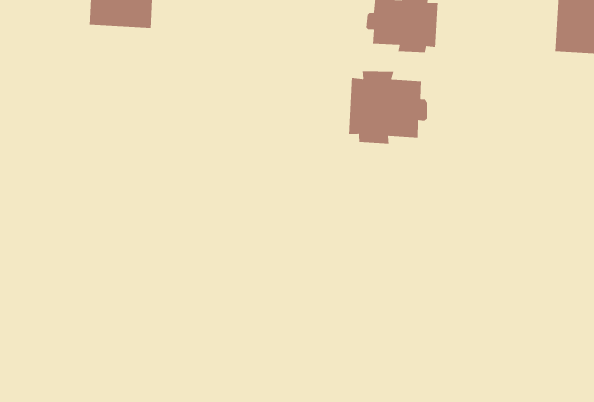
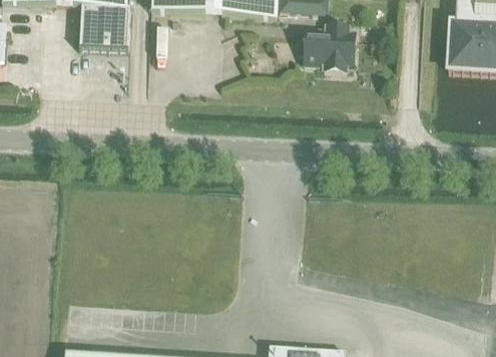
building: [348,71,428,145] -> none

